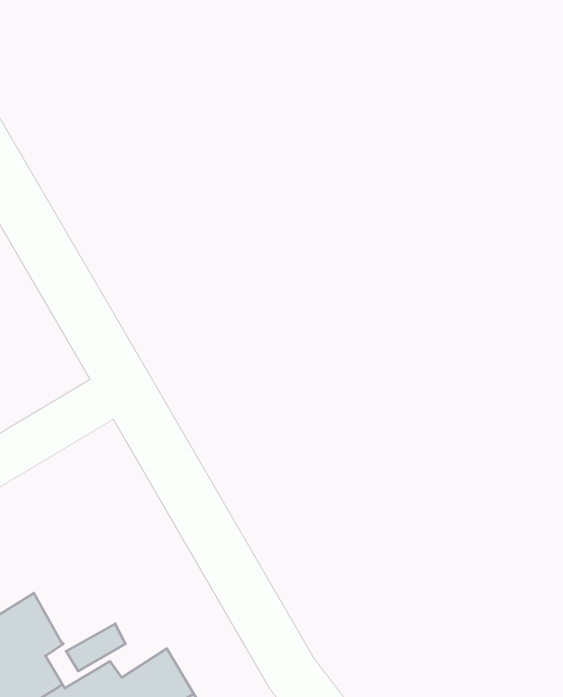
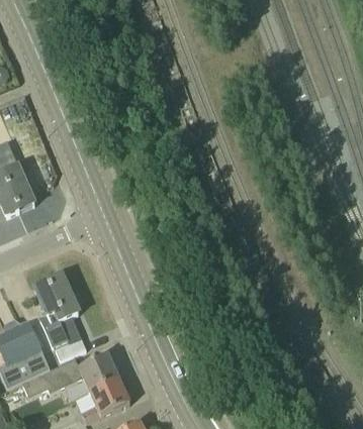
building: none -> [33,274,79,343]

